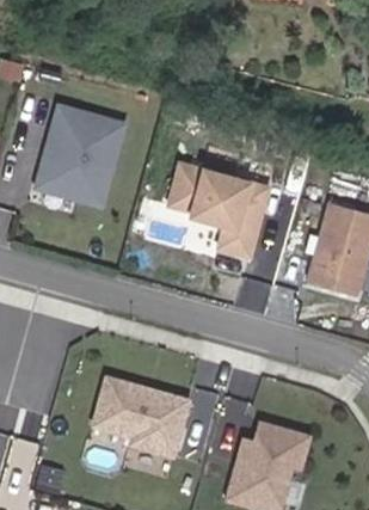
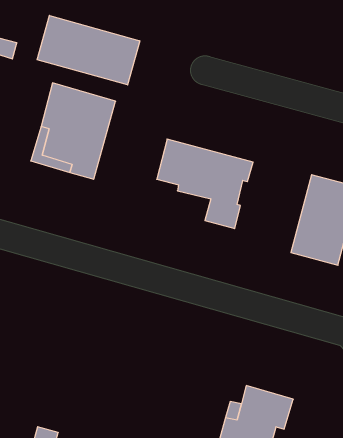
building: none -> [37,15,140,85]
building: [94,379,190,457] -> none

